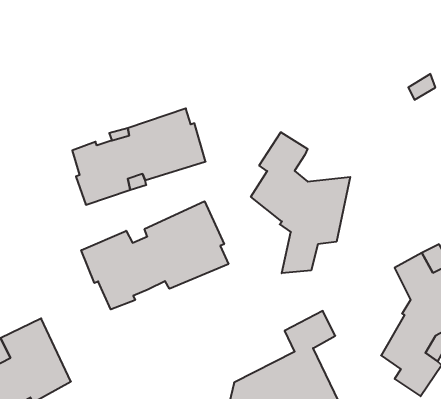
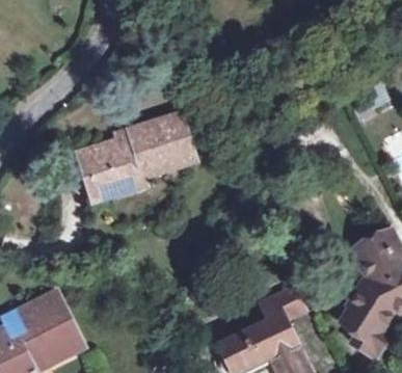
building: [251,132,350,273] -> none
building: [81,201,228,309] -> none

